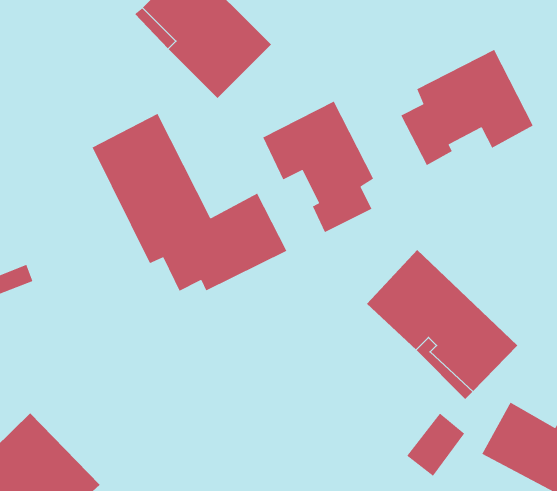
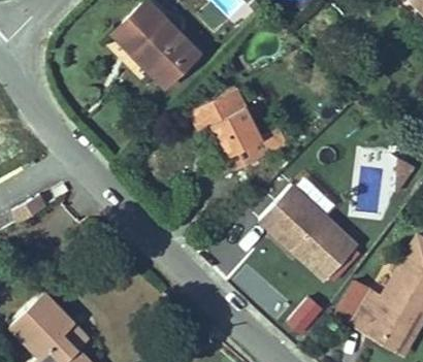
building: [400,49,534,166] -> none
building: [91,113,287,292] -> none

